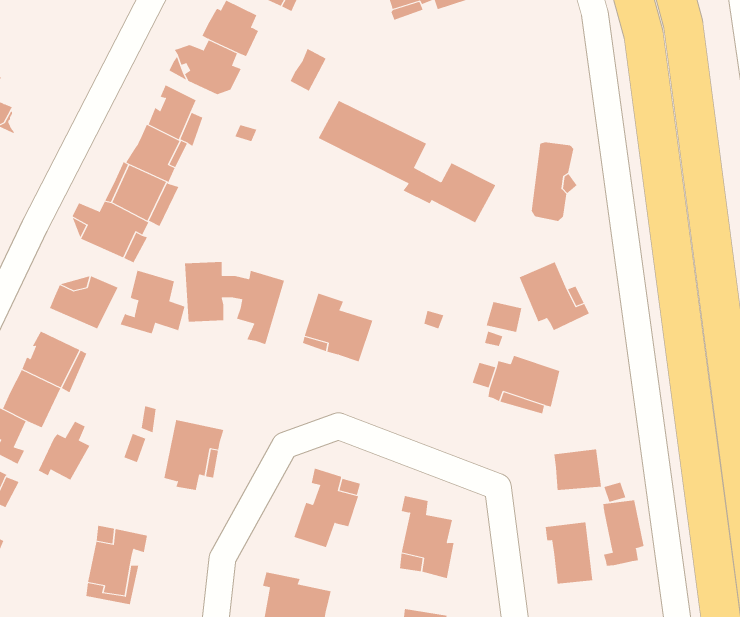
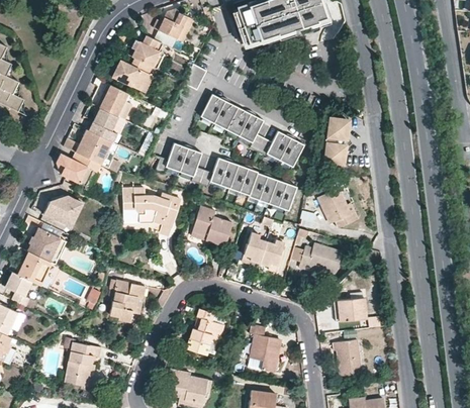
building: none -> [156,142,296,210]
building: [120,270,185,334] -> none
building: none -> [241,232,284,273]
building: [37,421,90,481] -> none
building: [603,499,644,567] -> none

